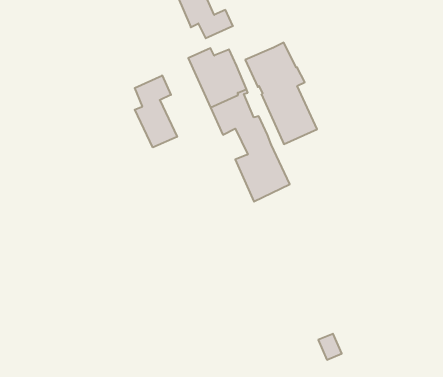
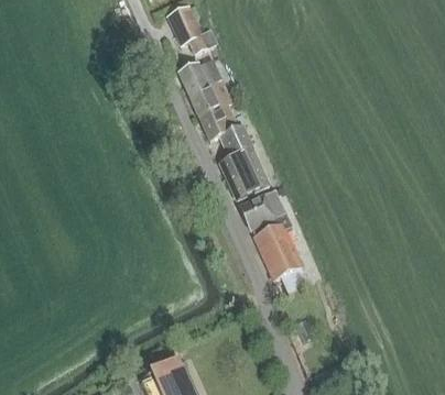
building: [245,43,317,144] -> [238,188,302,278]
building: [135,75,177,147] -> none

